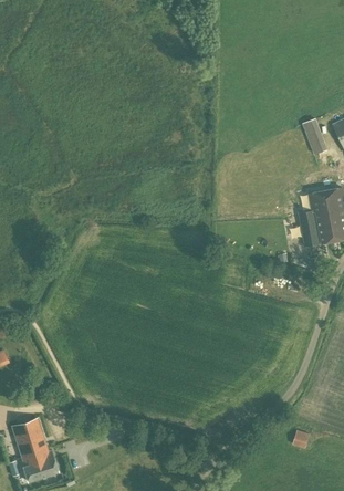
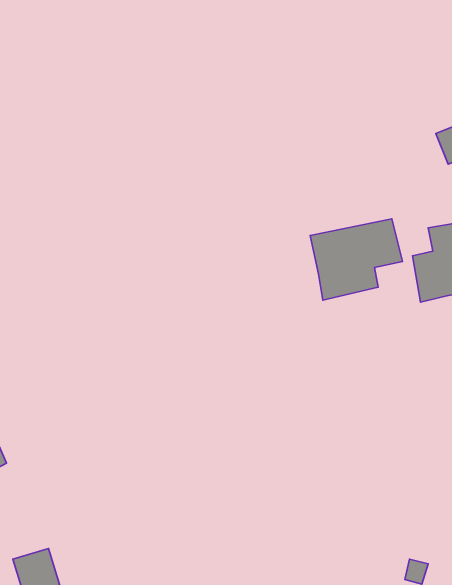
building: none -> [310,219,402,300]

